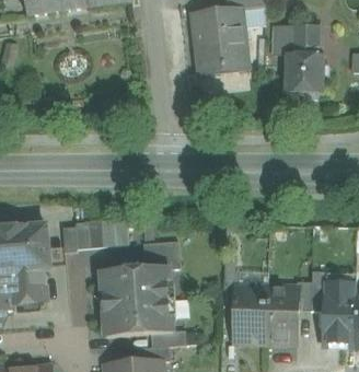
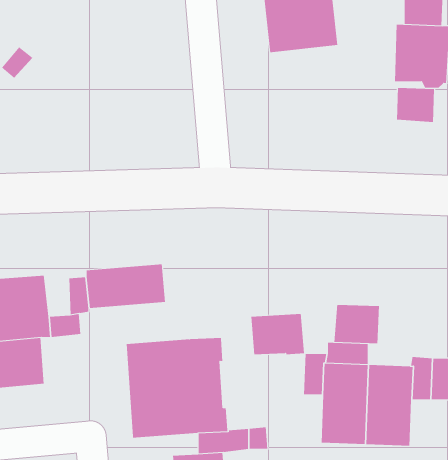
building: none -> [397,87,435,123]
building: [143,240,181,268] -> [250,313,305,355]
building: none -> [334,304,379,344]

